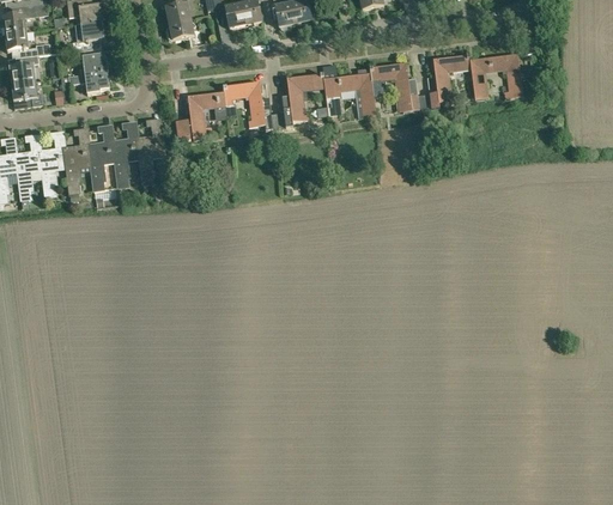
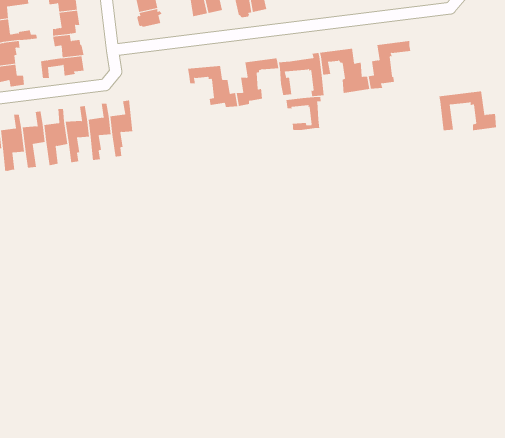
building: [469,54,534,98] -> [439,91,497,131]
building: [175,91,225,139] -> none
building: none -> [286,96,321,131]

